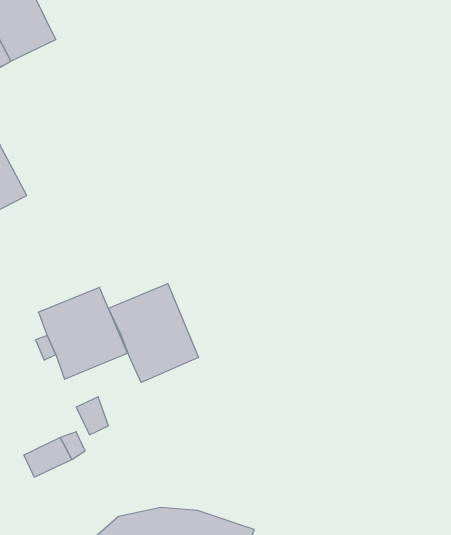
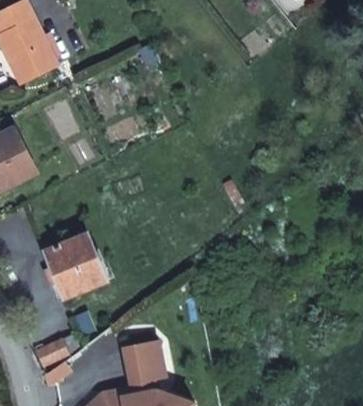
building: [108,283,198,382] -> none
building: none -> [122,339,165,388]

